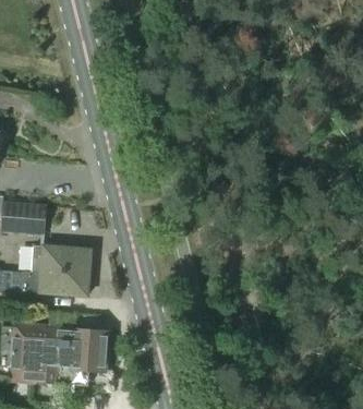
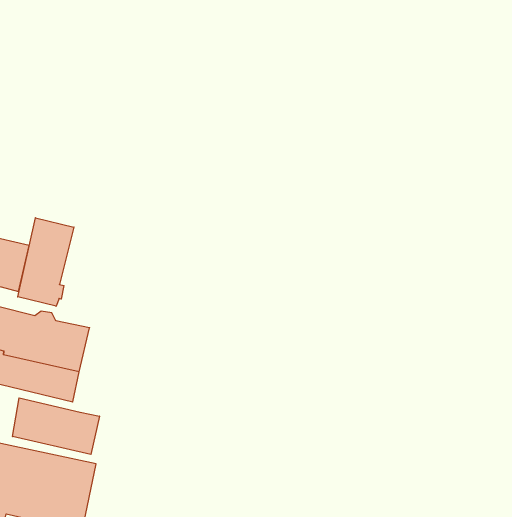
building: none -> [18,218,74,306]
building: none -> [13,398,99,454]

